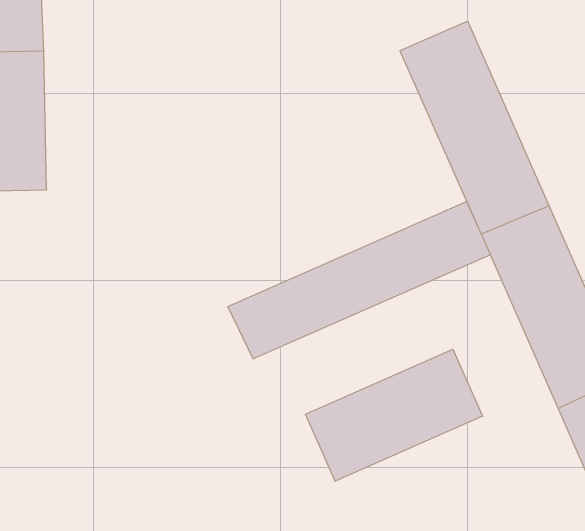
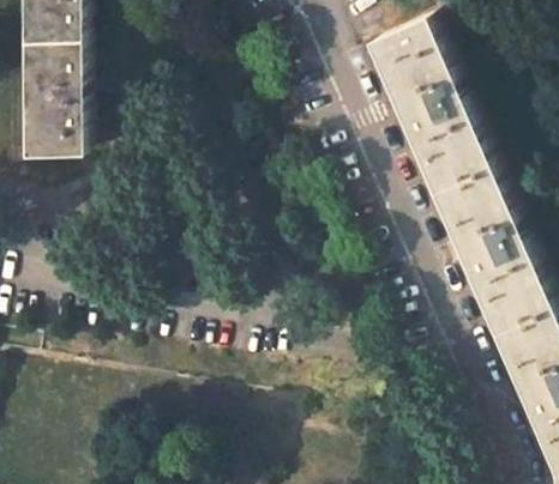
building: [228,201,490,359] -> none
building: [306,349,483,481] -> none

